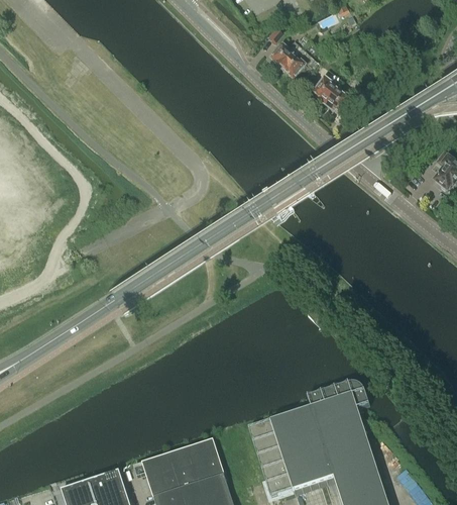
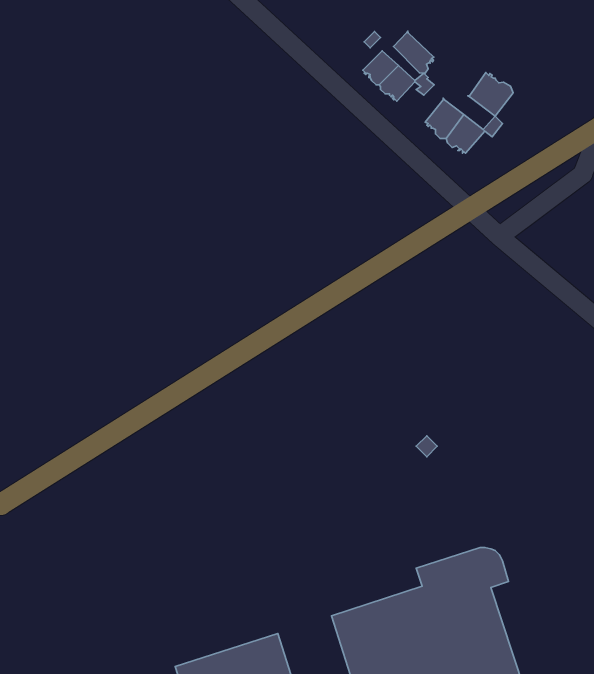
building: none -> [393,31,434,73]
building: none -> [468,73,513,116]

